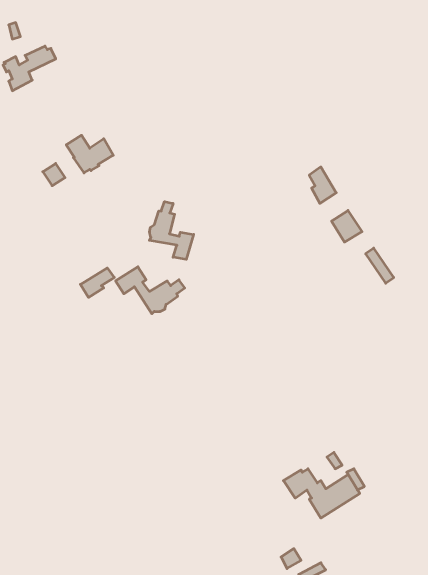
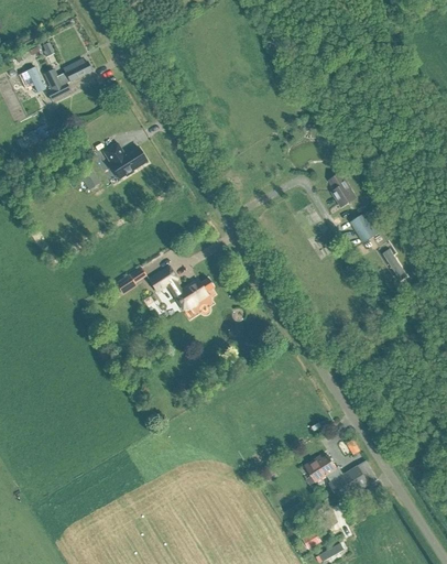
building: [149,202,194,259] -> none

